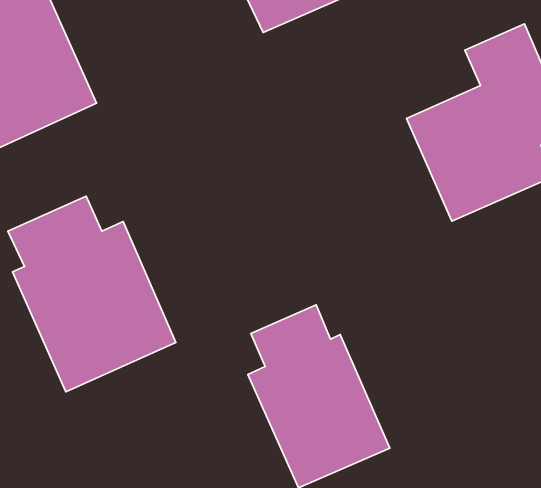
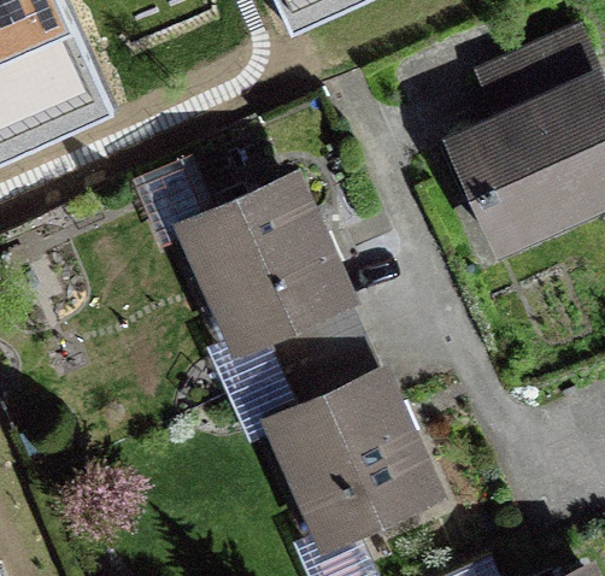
building: none -> [190,177,351,371]
building: [8,196,176,392] -> none

